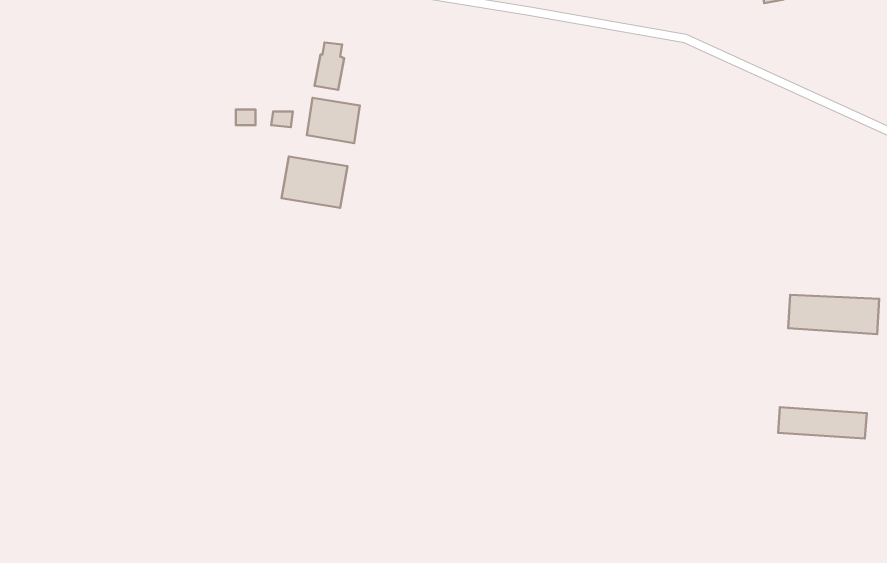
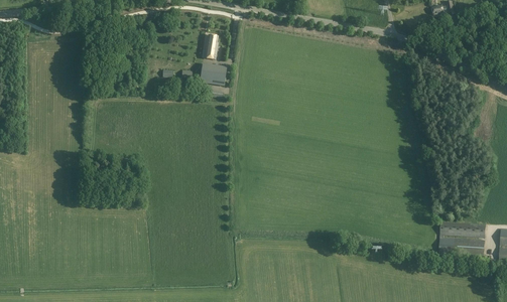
building: [281,156,348,208] -> none
building: [788,295,879,334] -> [438,235,485,255]

